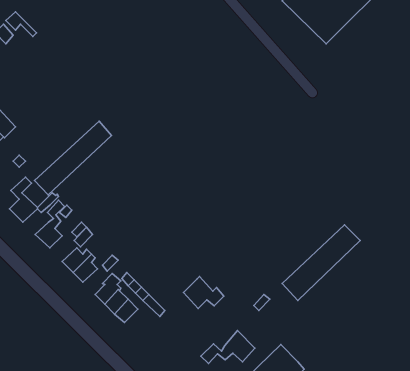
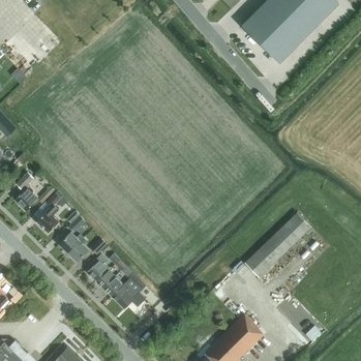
building: [35,121,112,195] -> none
building: [184,277,224,308] -> [112,282,146,309]
building: [201,330,255,364] -> none

